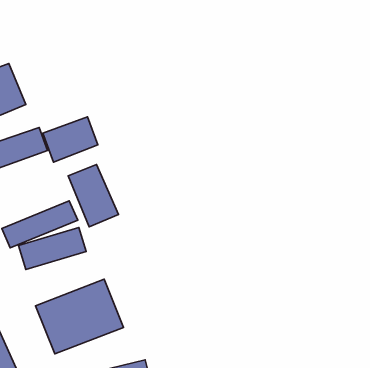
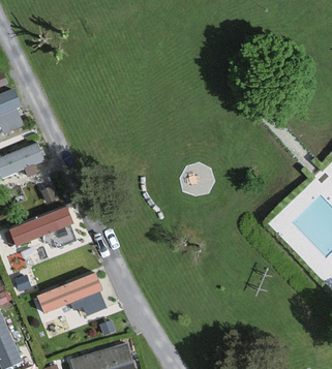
building: [43,117,98,162] -> none
building: [68,164,119,227] -> none

